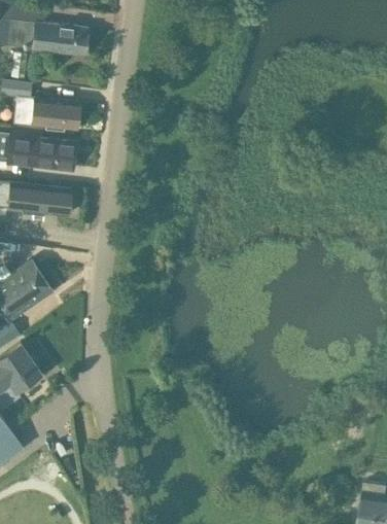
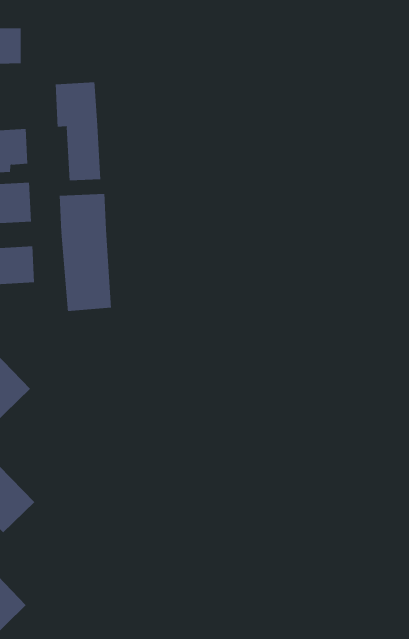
building: none -> [55,82,101,181]
building: none -> [59,193,111,312]

